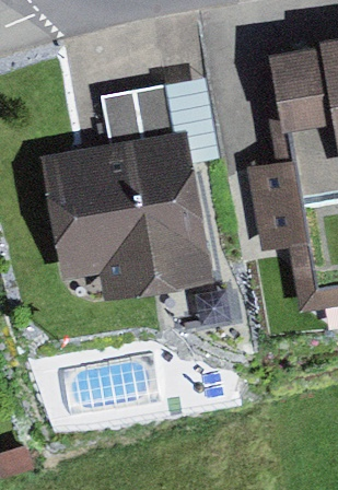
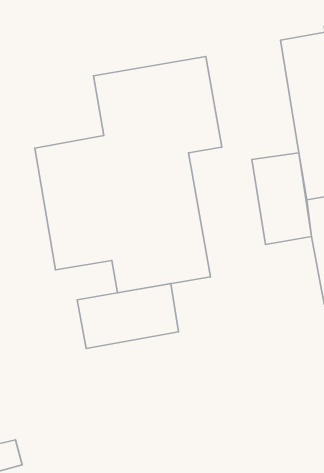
building: none -> [77,284,179,349]

